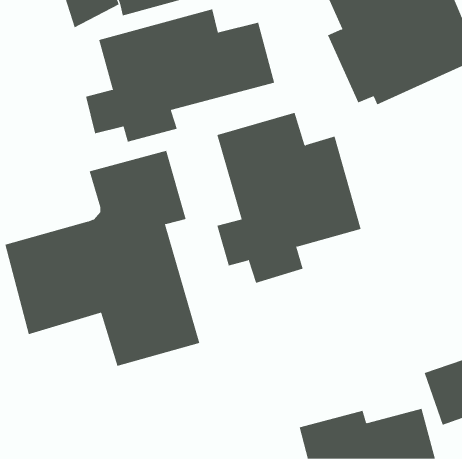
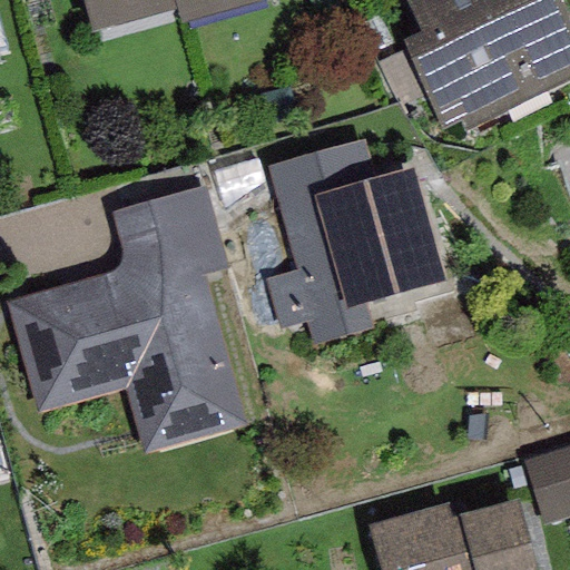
building: [86,8,275,142] -> none

